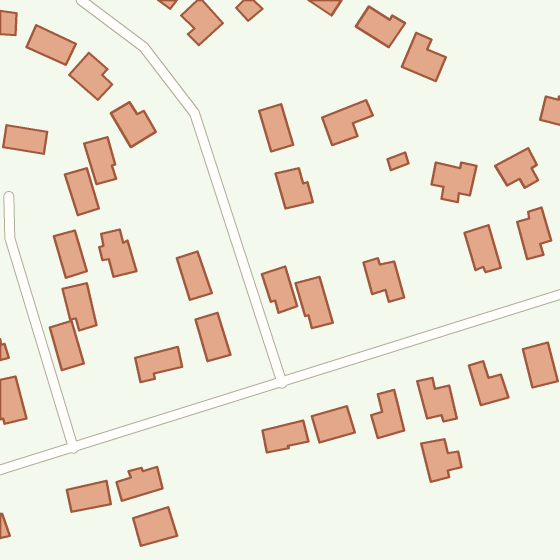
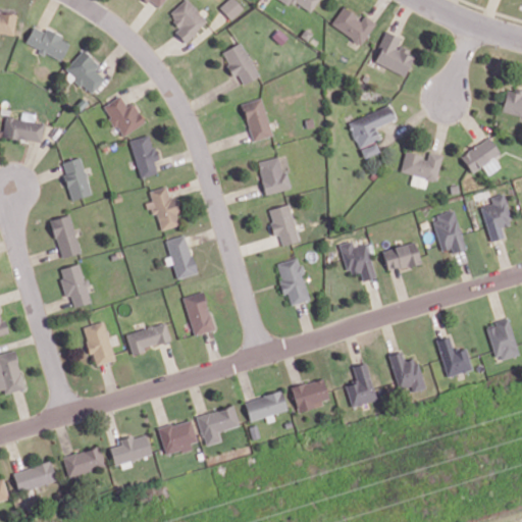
building: none -> [221,42,260,86]
building: [322,100,373,145] -> [349,106,396,148]
building: [84,137,116,184] -> [129,135,159,178]
building: [99,230,136,277] -> [148,187,182,230]
building: none -> [382,242,421,272]
building: [262,267,297,313] -> [267,204,300,247]
building: [50,321,84,370] -> [84,321,115,367]
building: none -> [197,406,240,447]
building: [421,439,462,482] -> none
building: none -> [13,463,56,491]
building: [133,507,177,546] -> [158,419,199,455]

